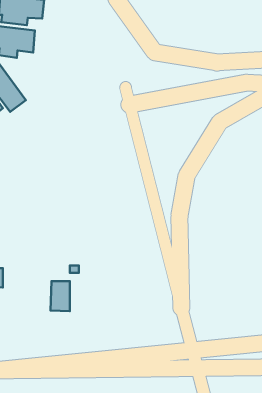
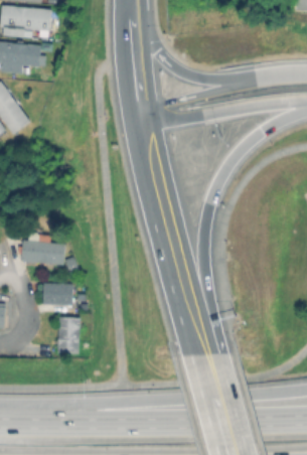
building: none -> [21,241,64,265]
building: none -> [41,283,71,305]

